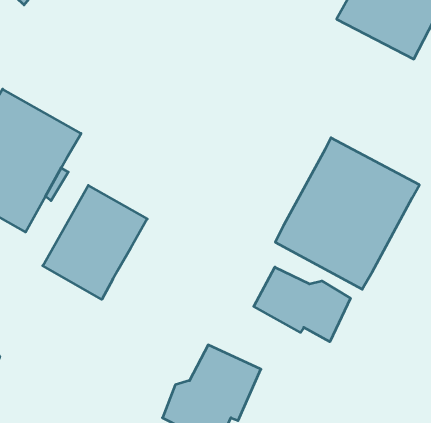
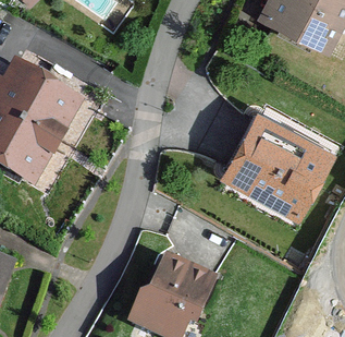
building: [43,185,147,299] -> none
building: [254,267,350,342] -> none

